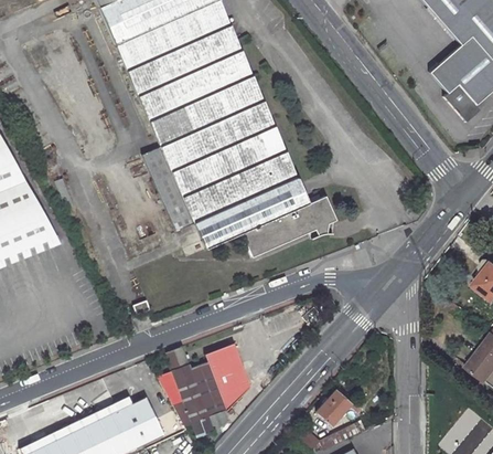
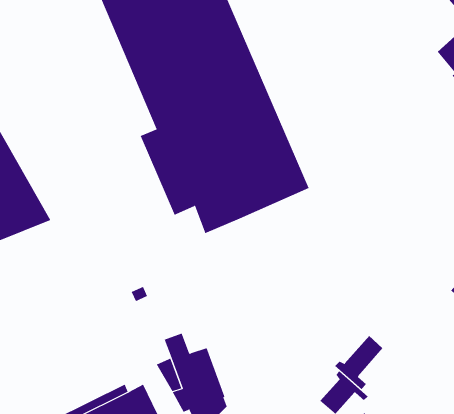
building: [240,197,337,257] -> none
building: [206,341,249,407] -> none
building: none -> [334,335,383,390]

